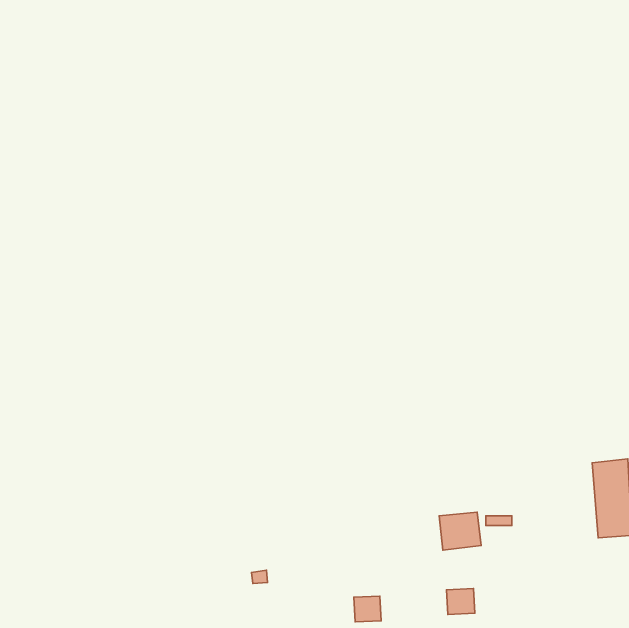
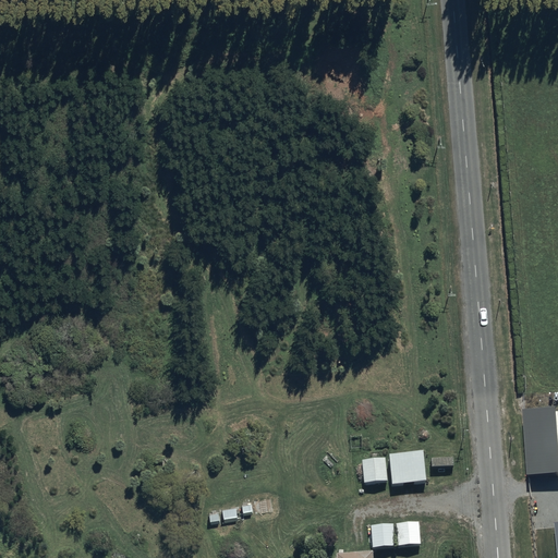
building: none -> [362,458,387,483]
building: [354,596,381,622] -> [371,522,395,545]

